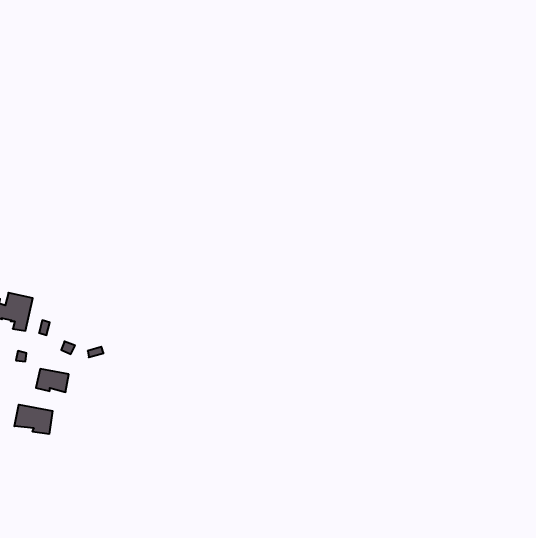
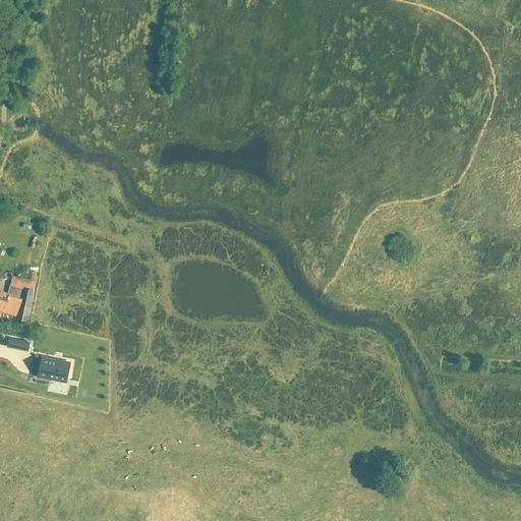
building: [14,405,53,434] -> none

